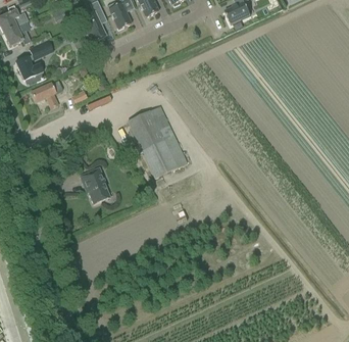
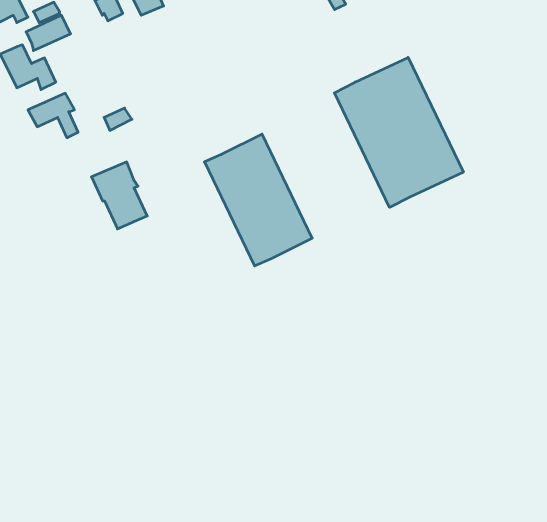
building: none -> [334,57,463,207]
building: [79,166,109,203] -> [91,162,147,229]

